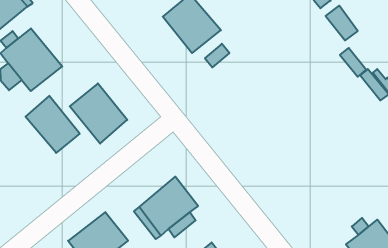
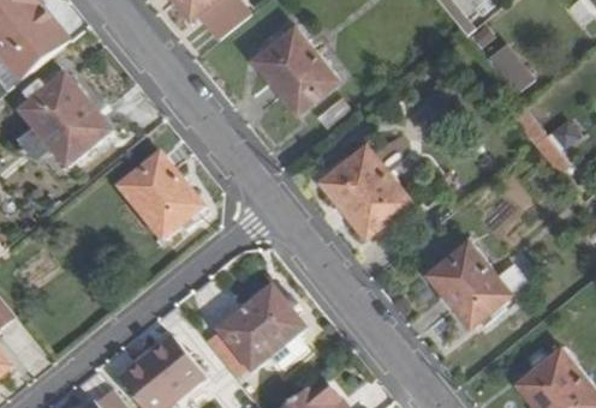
building: none -> [318,143,409,236]
building: [26,96,80,153] -> none
building: none -> [427,240,508,325]

